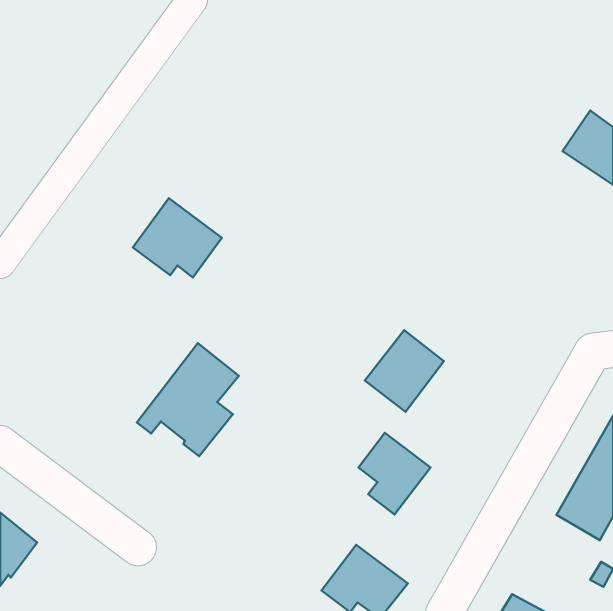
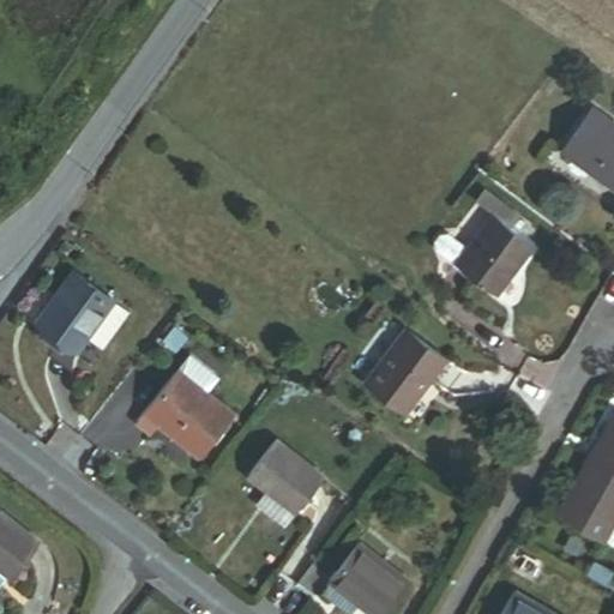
building: none -> [434,191,534,297]
building: [133,198,222,277] -> [38,276,127,355]
building: [358,433,430,514] -> [248,444,320,525]

